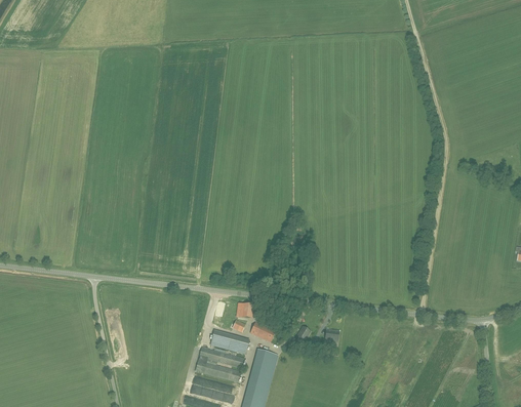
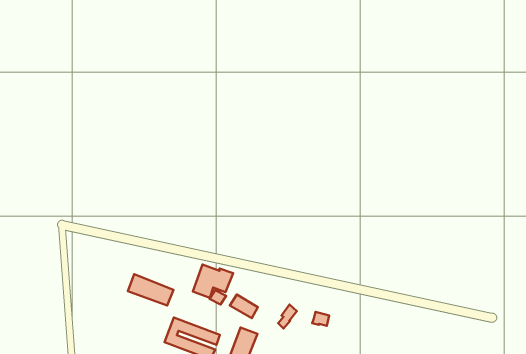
building: [209,330,249,355] -> [128,274,173,305]

